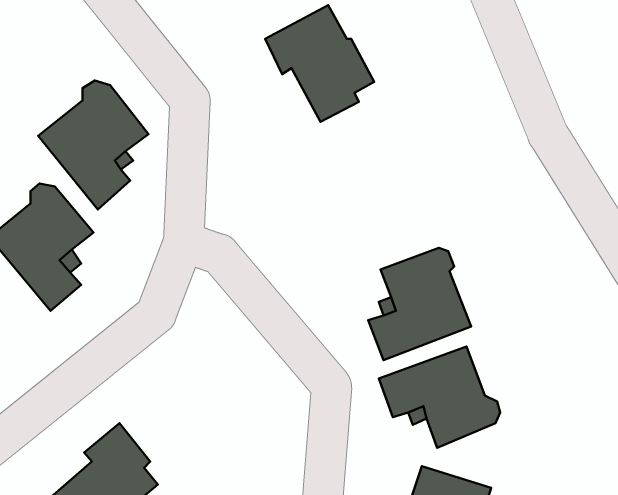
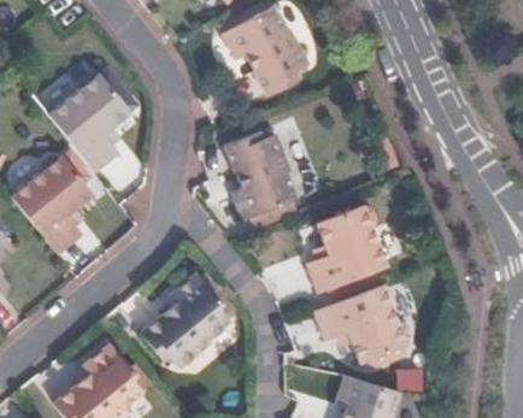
building: none -> [225,133,296,218]
building: none -> [141,271,227,365]

